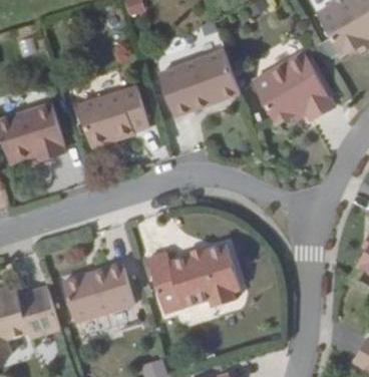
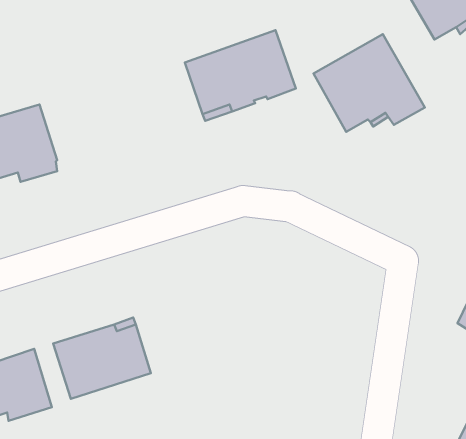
building: [77,87,149,147] -> none
building: [148,243,243,312] -> none

